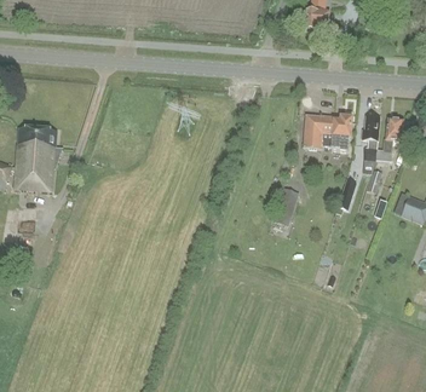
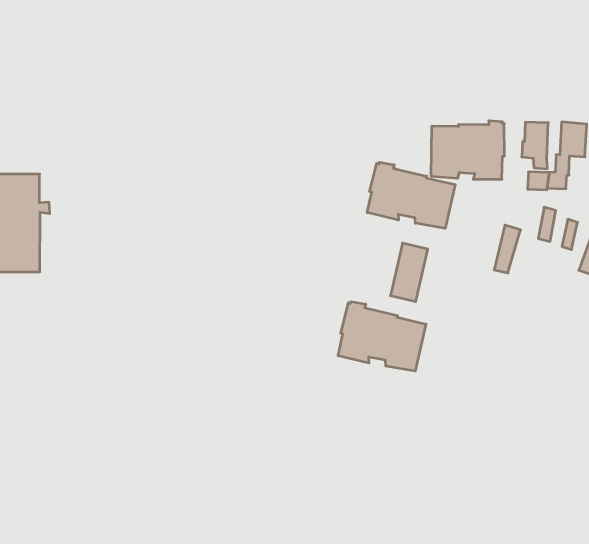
building: none -> [367,162,455,228]
building: none -> [338,302,426,371]

